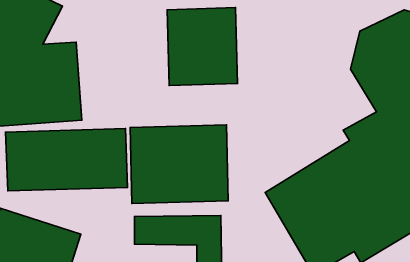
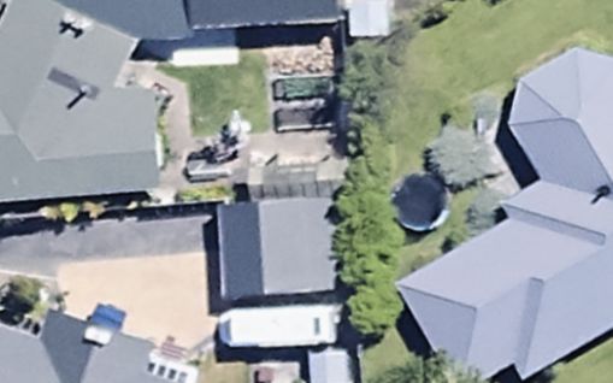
building: [167,8,238,86] -> none
building: [6,129,128,191] -> none

